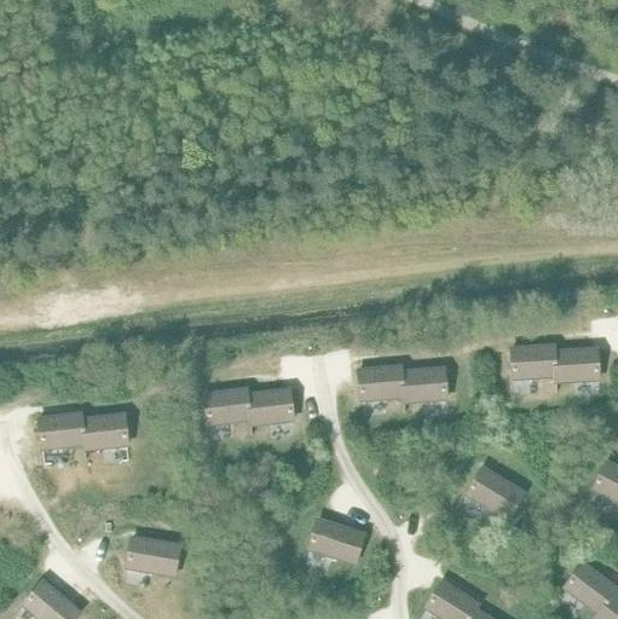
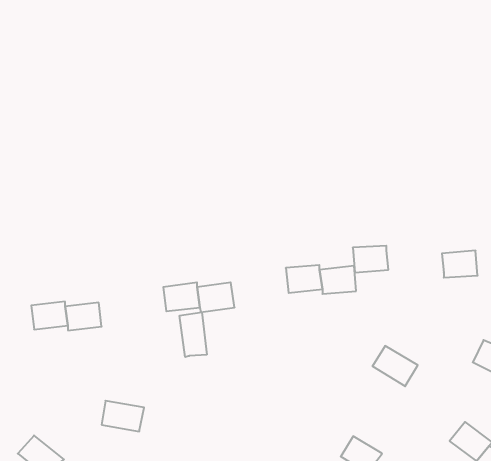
building: [513,346,558,380] -> [353,246,388,273]
building: none -> [180,312,207,357]
building: [310,519,365,563] -> none

